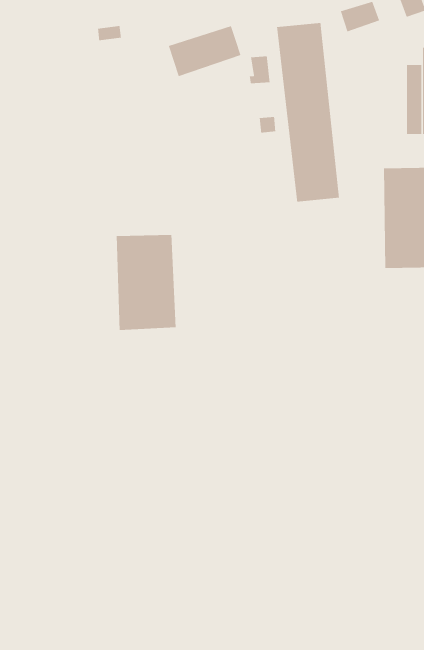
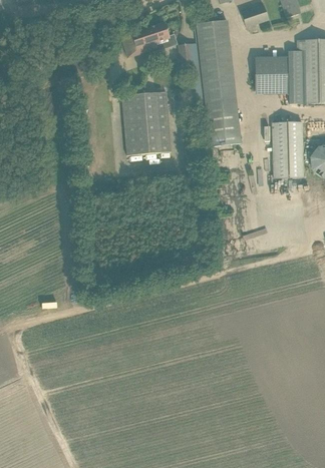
building: none -> [252,55,286,92]
building: [116,234,177,331] -> [126,90,169,157]

